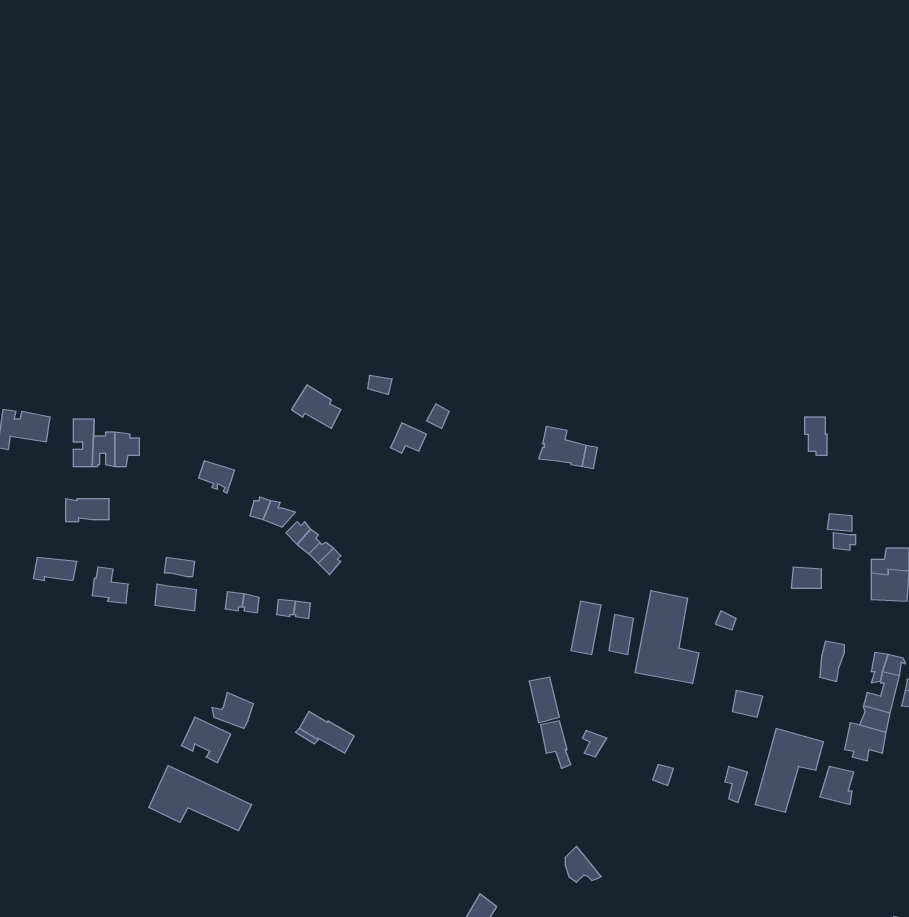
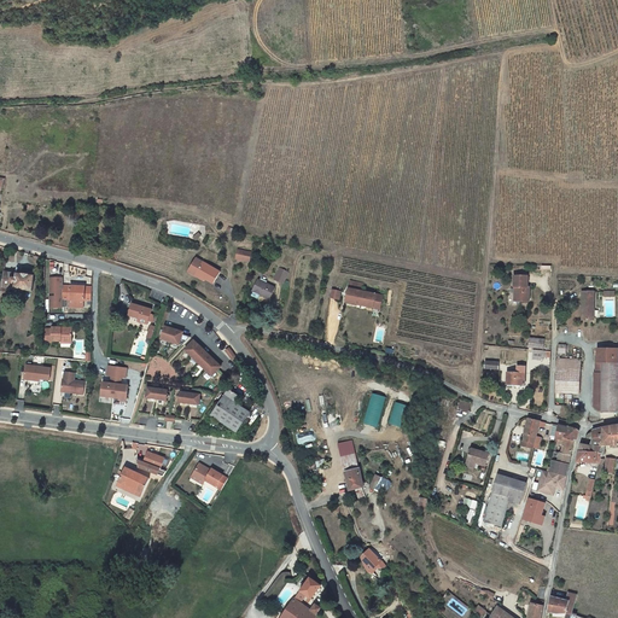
building: [635,590,699,684] -> none
building: none -> [210,387,249,431]
building: [149,765,252,831] -> none

